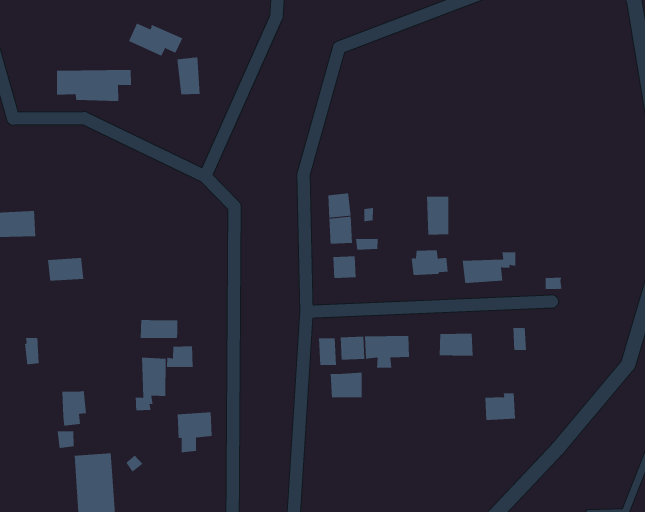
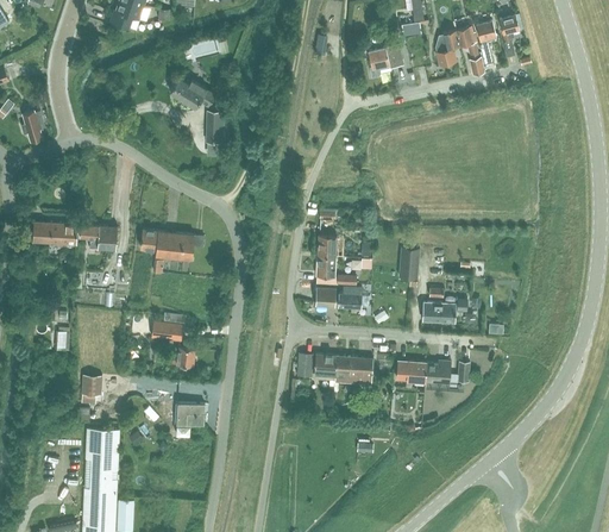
building: [56,70,132,101] -> [139,230,203,261]
building: none -> [79,225,117,250]
building: [411,250,449,276] -> [338,288,368,309]
building: [135,357,166,411] -> none
building: [330,372,362,398] -> none
building: [485,393,516,421] -> [423,361,450,383]

